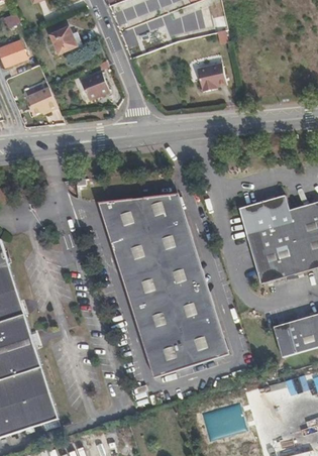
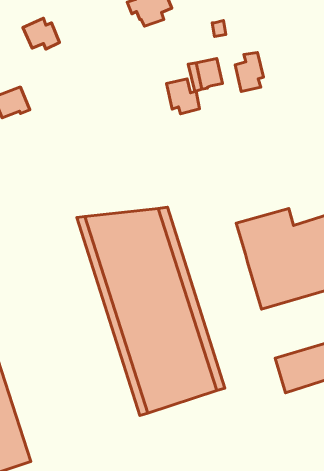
building: none -> [235,52,263,92]
building: [80,72,109,97] -> none
building: none -> [166,79,199,114]

